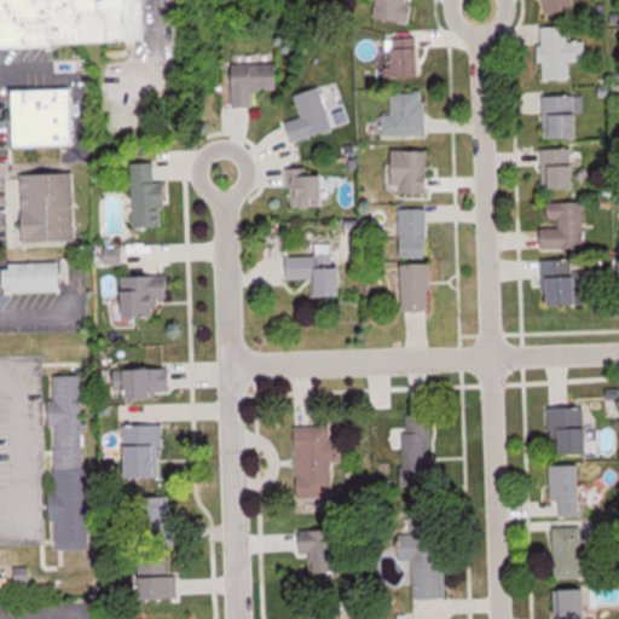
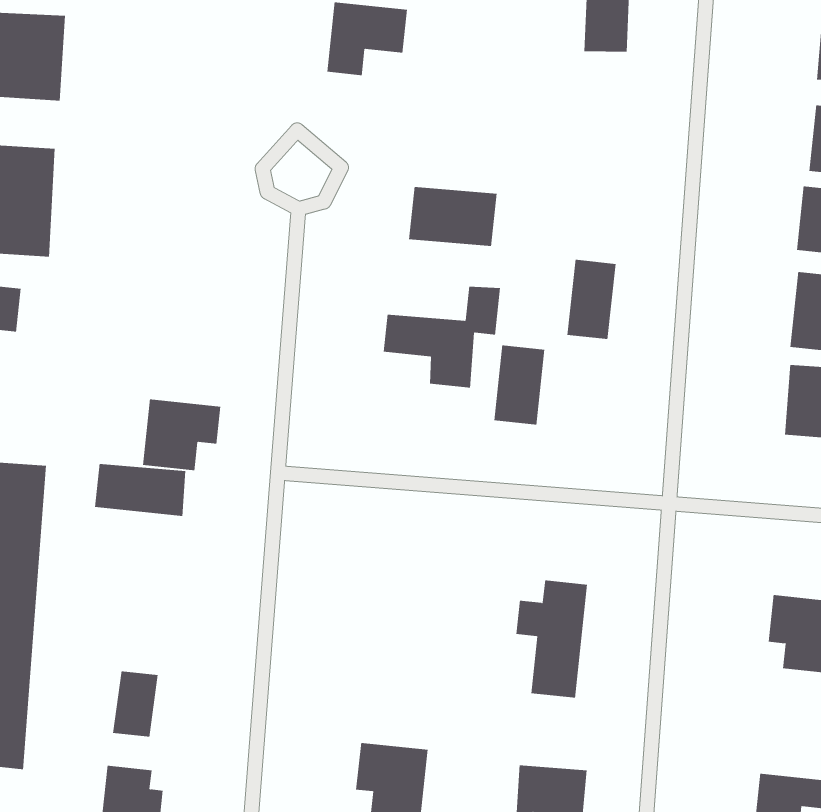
building: [283,86,335,144] -> none
building: [380,91,426,139] -> none
building: [391,149,428,192] -> none
building: [132,162,164,227] -> none
building: [403,265,430,313] -> [494,345,545,425]
building: [121,276,167,318] -> [142,399,221,471]
building: [111,427,160,479] -> none
building: [293,427,339,497] -> none
building: [550,465,578,516] -> none

